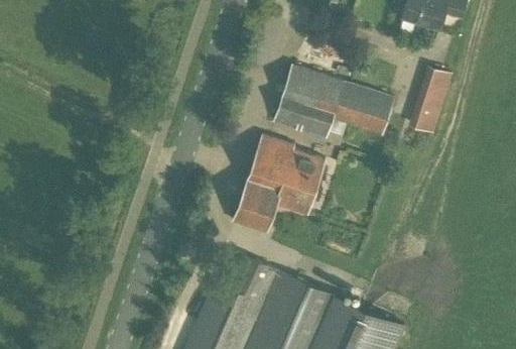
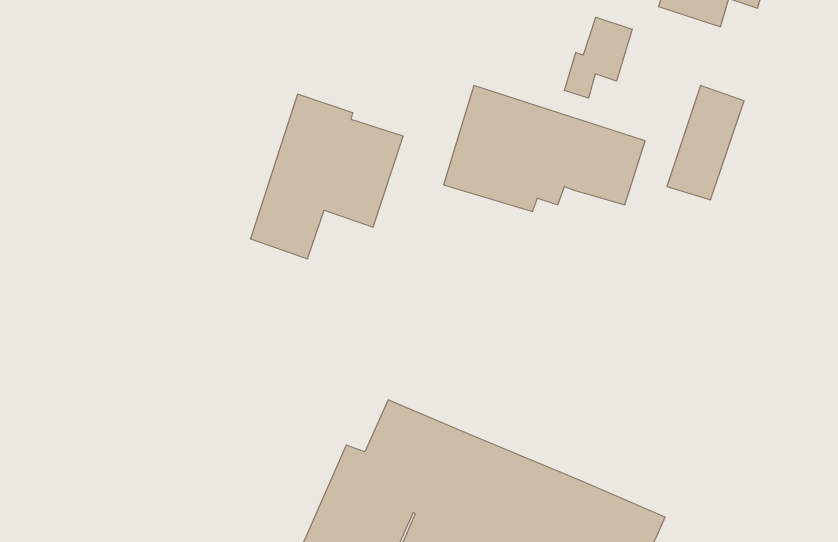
building: none -> [564,17,632,98]
building: [234,135,326,234] -> [250,94,403,259]

